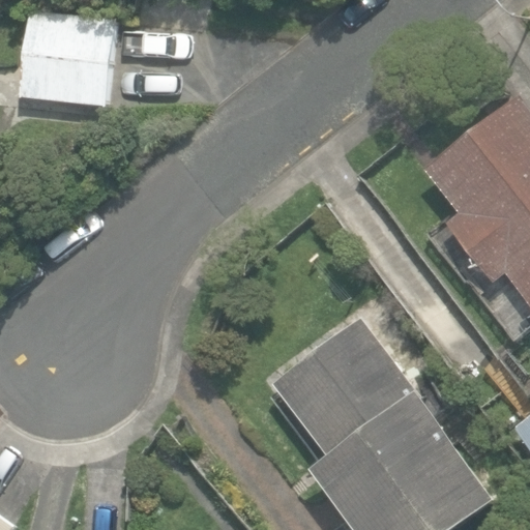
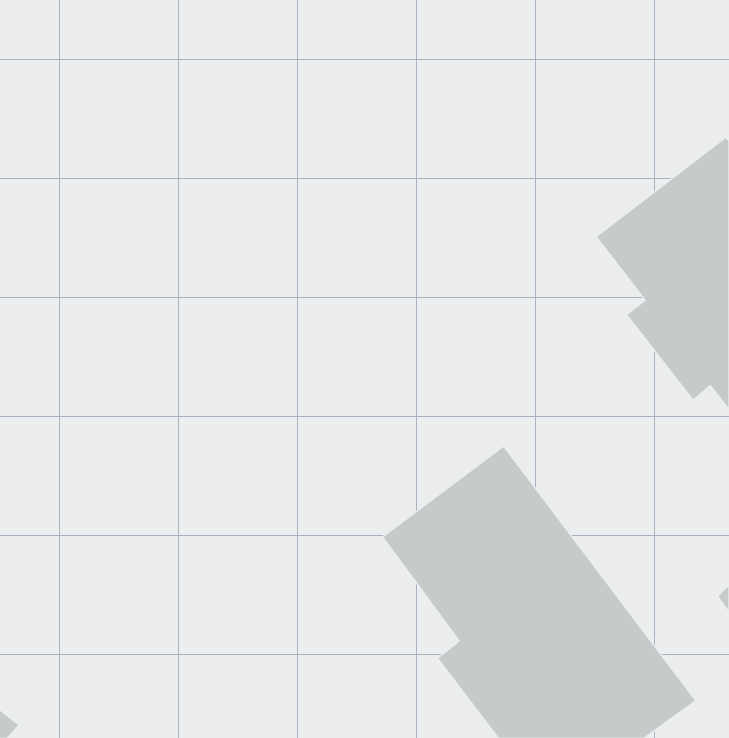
building: [17,10,113,108] -> none

